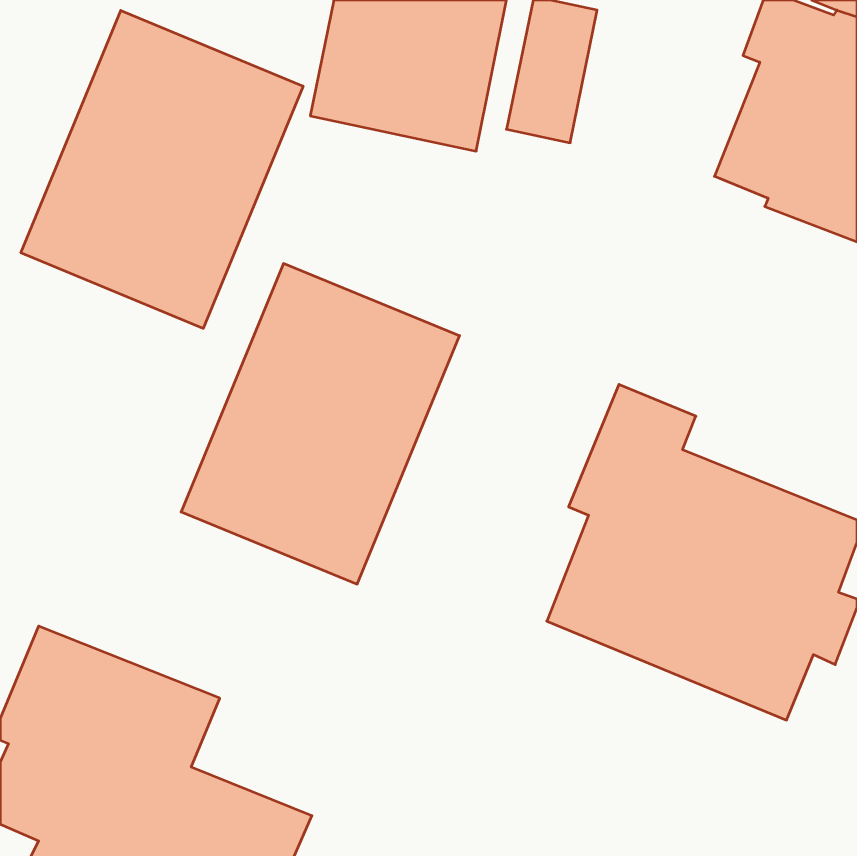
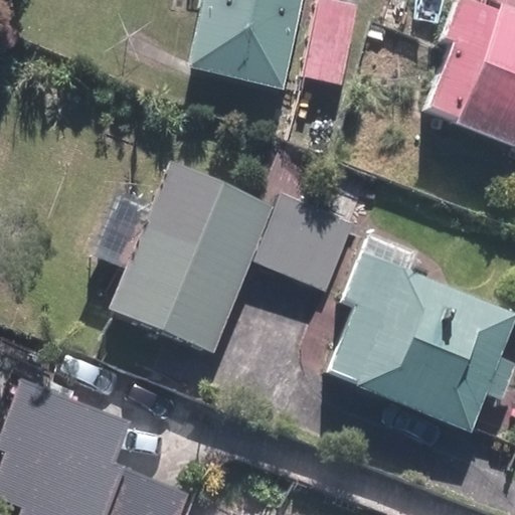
building: [21,10,303,328] -> none
building: none -> [254,193,352,291]

